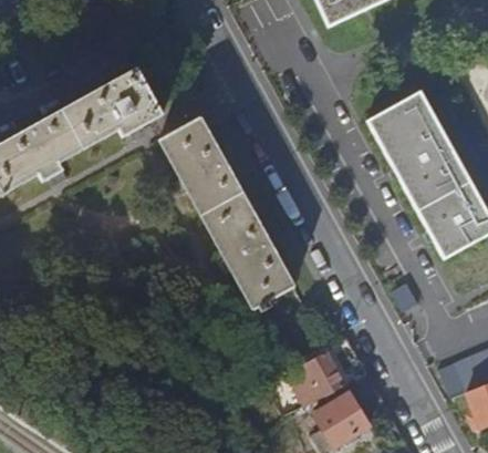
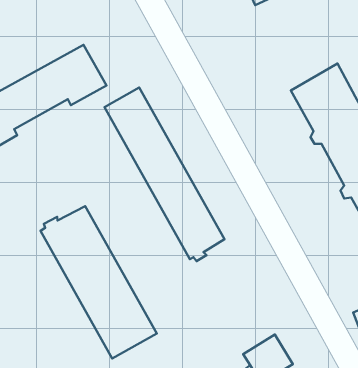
building: none -> [40,206,157,359]
building: [288,351,346,405] -> none

